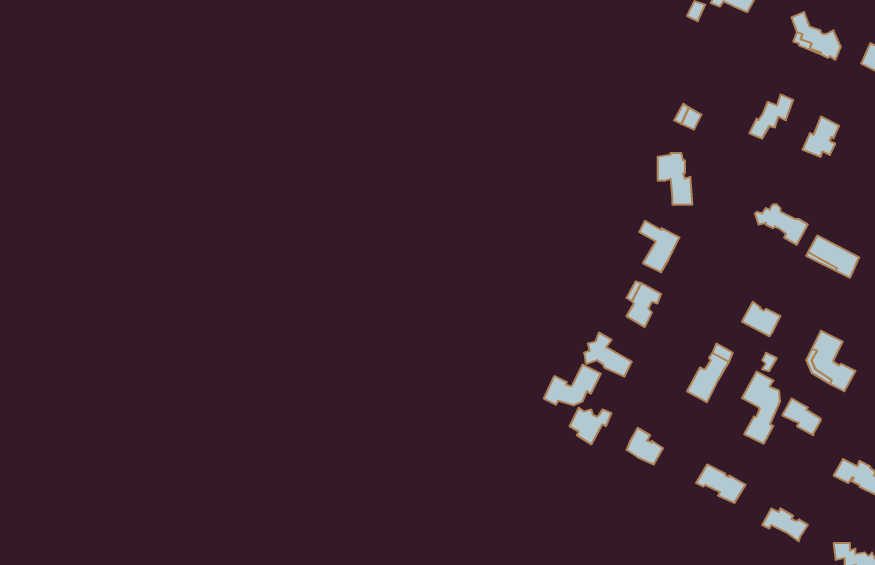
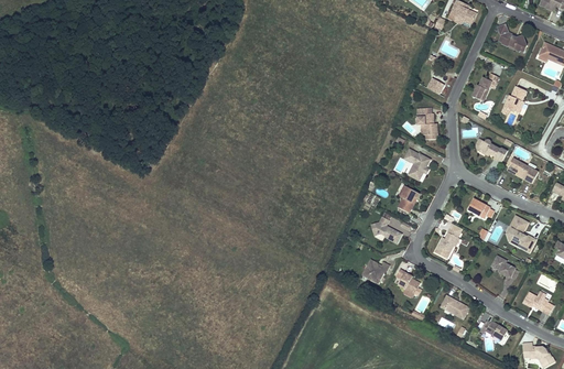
building: [544,365,601,406] -> none
building: [742,371,780,444] -> none

